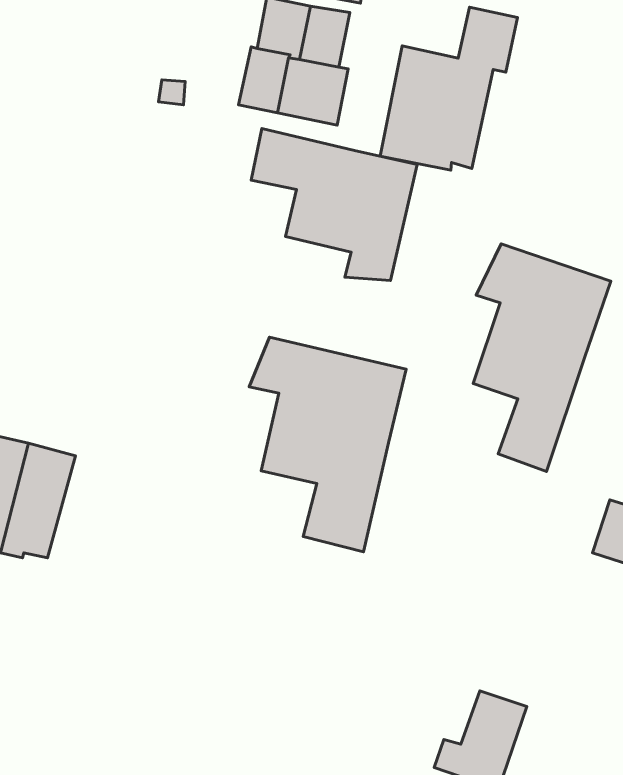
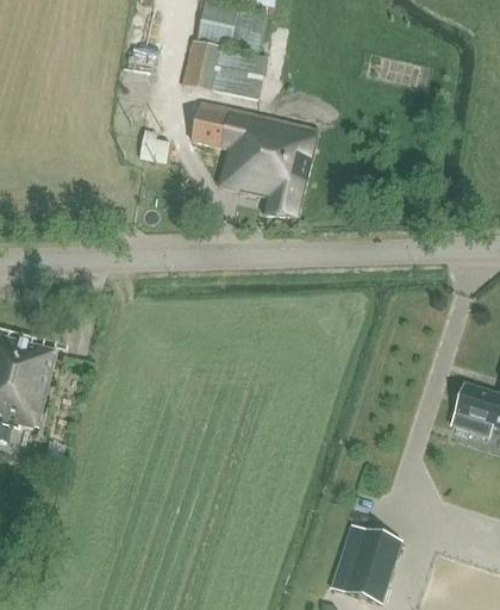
building: [380,7,517,170] -> none
building: [473,244,611,471] -> none
building: [249,337,406,552] -> none

